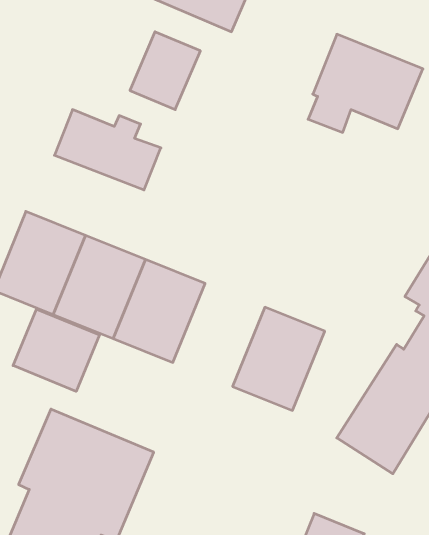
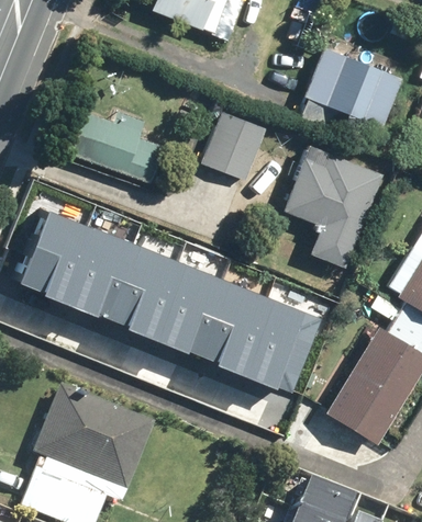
building: [130,32,200,110] -> [202,111,267,182]
building: none -> [282,143,384,268]
building: none -> [175,272,259,366]
building: [13,309,100,391] -> none

